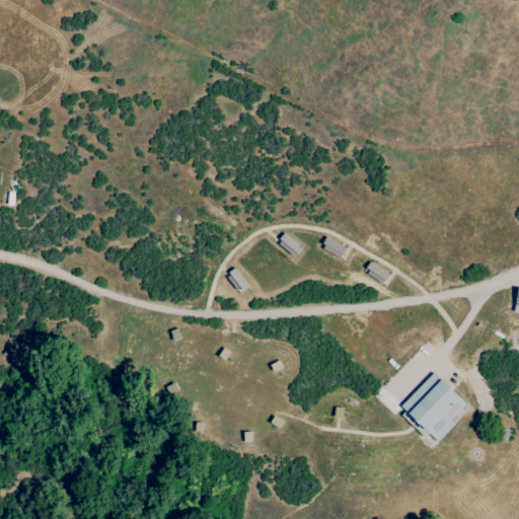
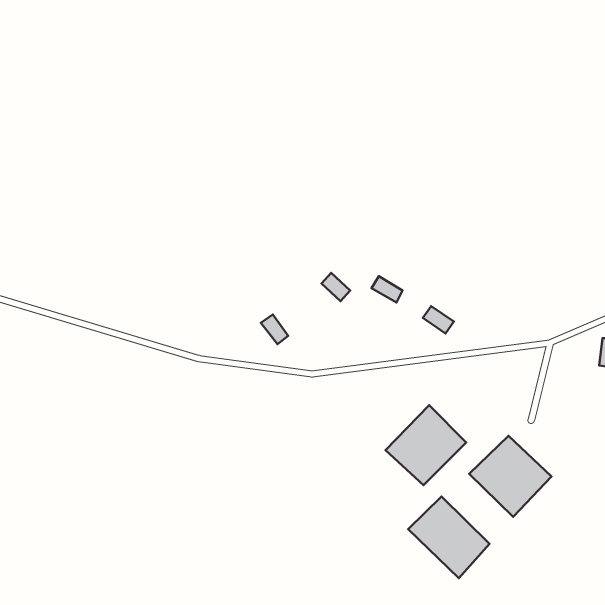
building: none -> [386,405,466,485]
building: none -> [408,496,489,578]

